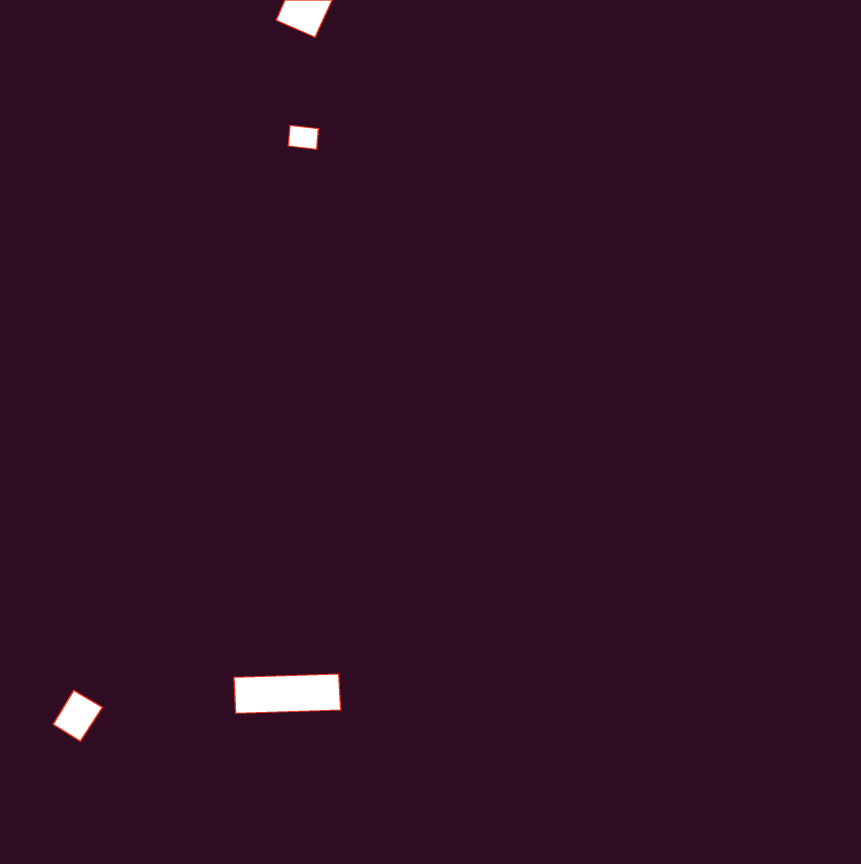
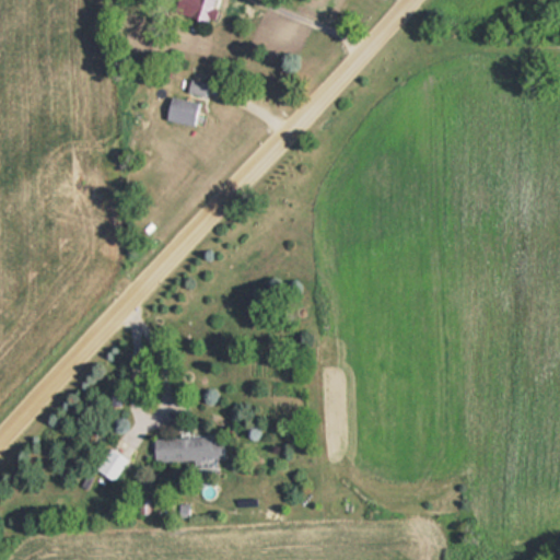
building: none -> [165,98,200,128]
building: [53,690,102,741] -> [96,448,128,481]

